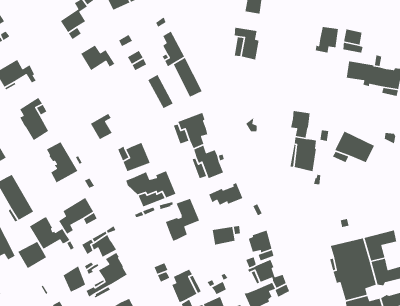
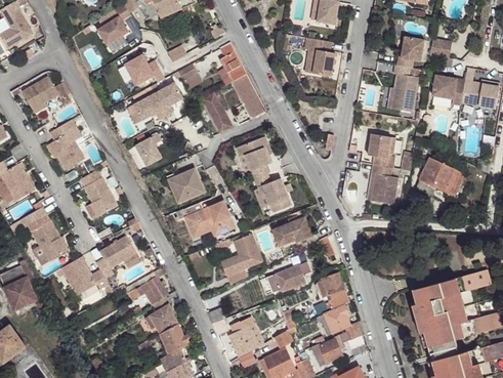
building: none -> [388,65,417,112]
building: none -> [132,84,181,123]
building: [17,241,47,269] -> none
building: [62,265,86,293] -> [159,324,186,355]

